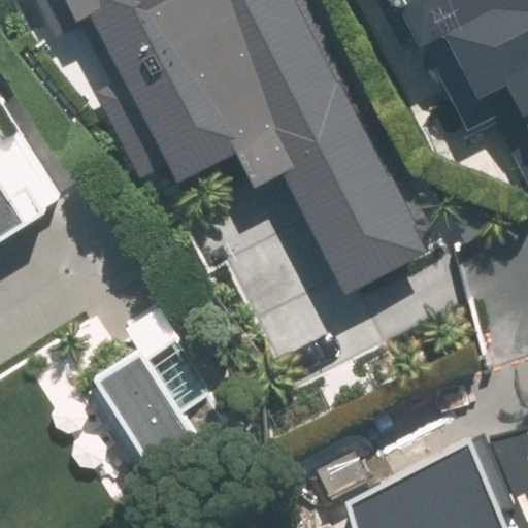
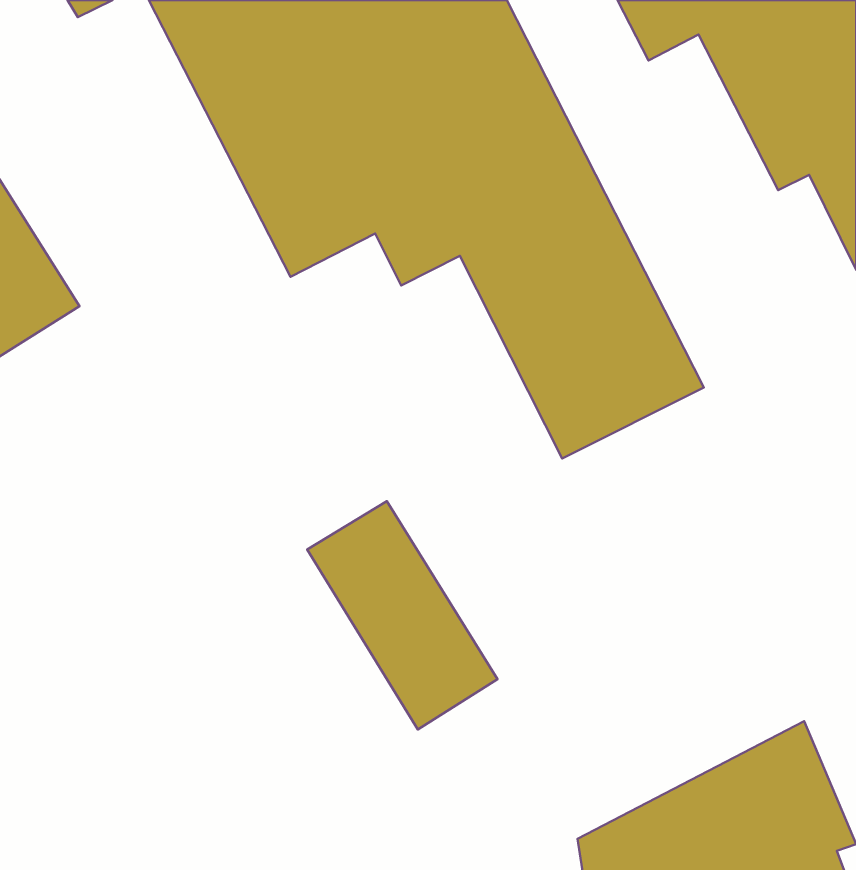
building: [94,332,207,468] -> [307,501,497,729]

